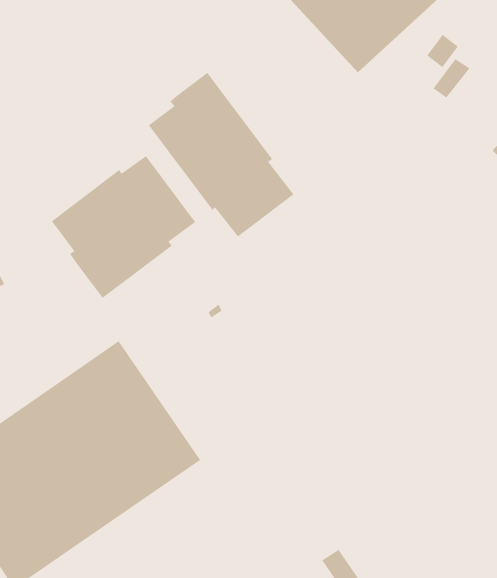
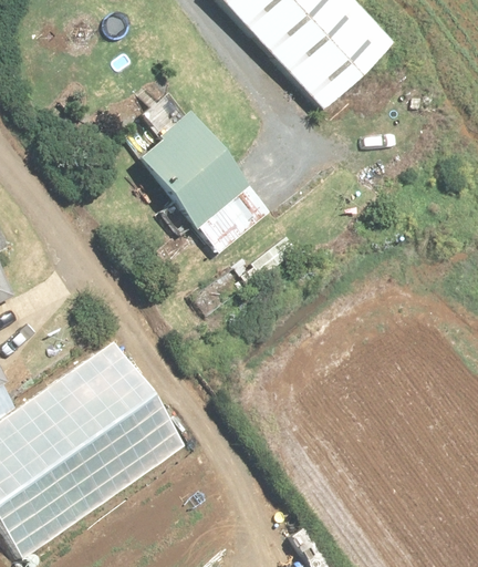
building: [51,155,196,299] -> none

